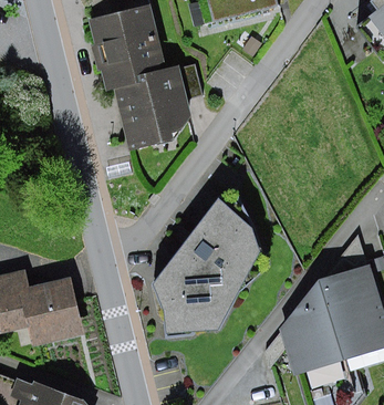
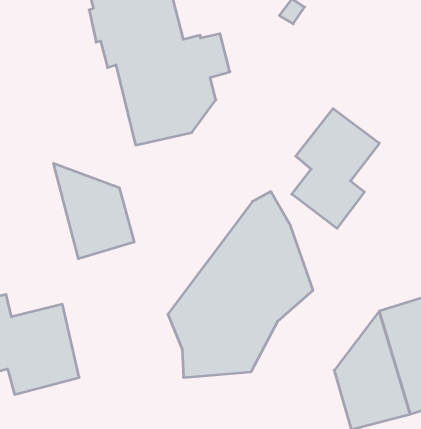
building: none -> [292,109,379,228]
building: none -> [54,163,134,259]

